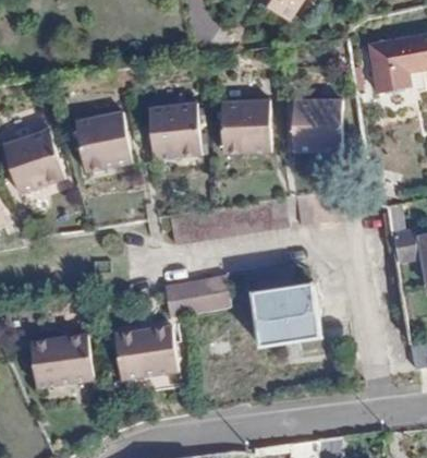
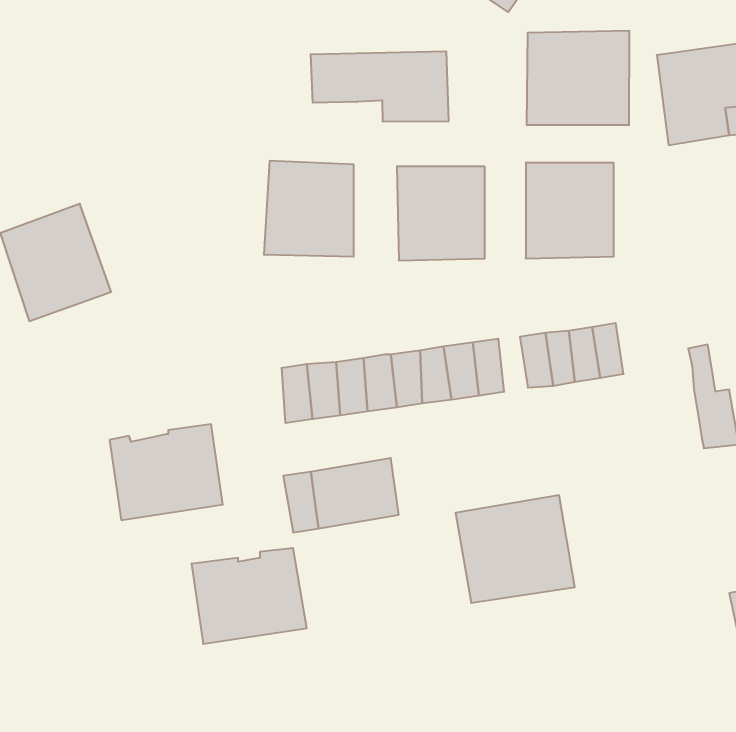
building: none -> [527,31,629,125]
building: none -> [311,51,449,122]
building: [73,107,132,168] -> none
building: [25,332,88,385] -> [110,424,223,520]

